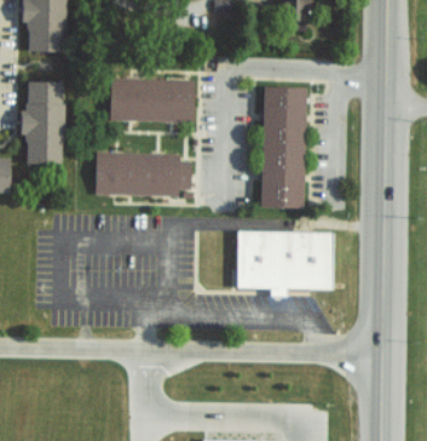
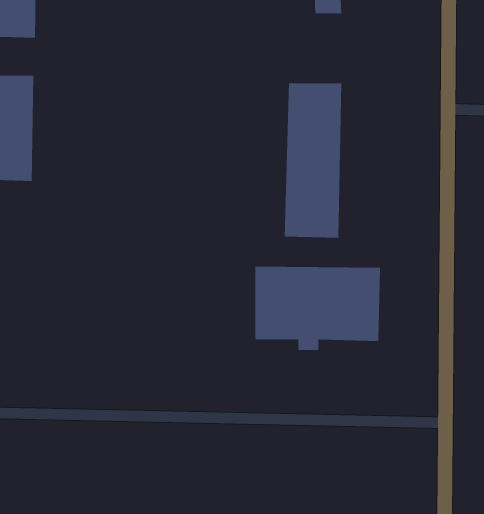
building: [111,78,196,122] -> none
building: [97,151,194,196] -> none

